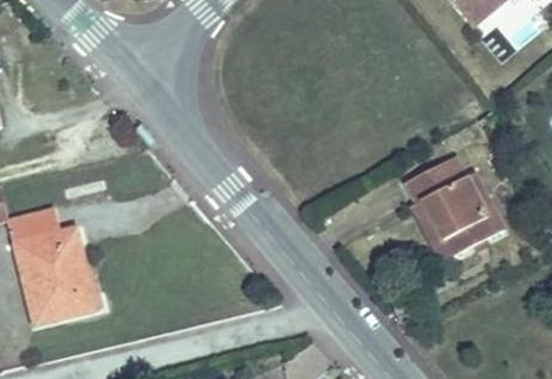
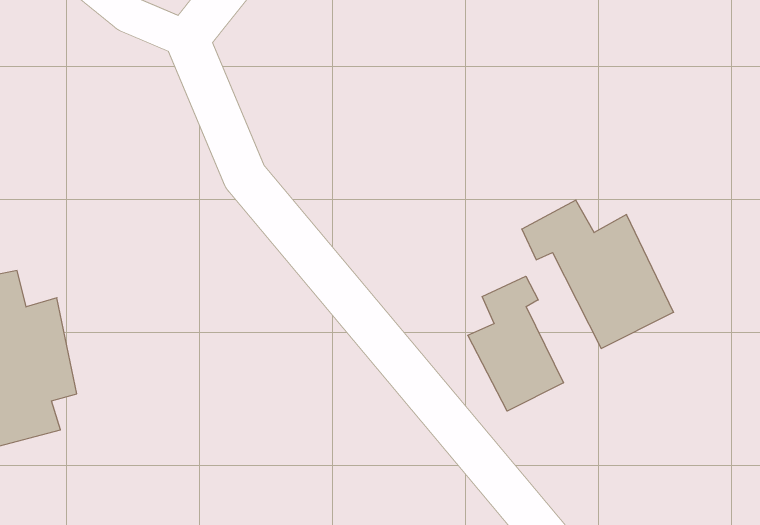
building: none -> [468,276,563,411]

